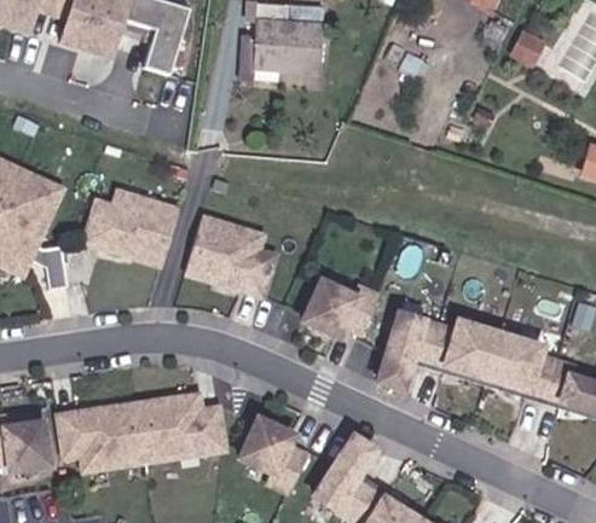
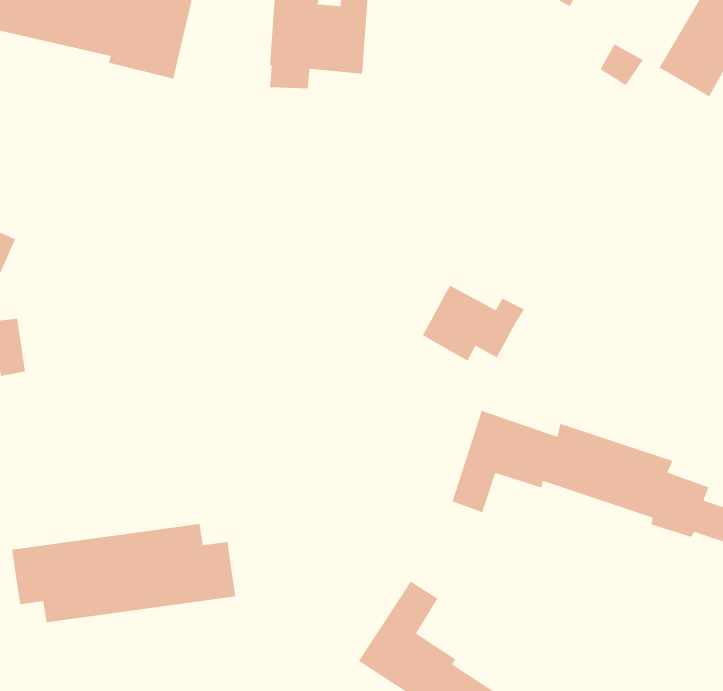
building: [86,191,180,262] -> none
building: [186,216,276,294] -> none
building: [303,281,380,338] -> [422,285,525,362]
building: [239,417,303,490] -> none

